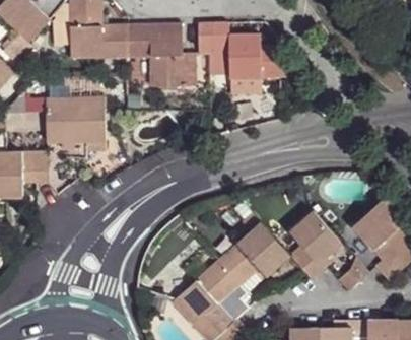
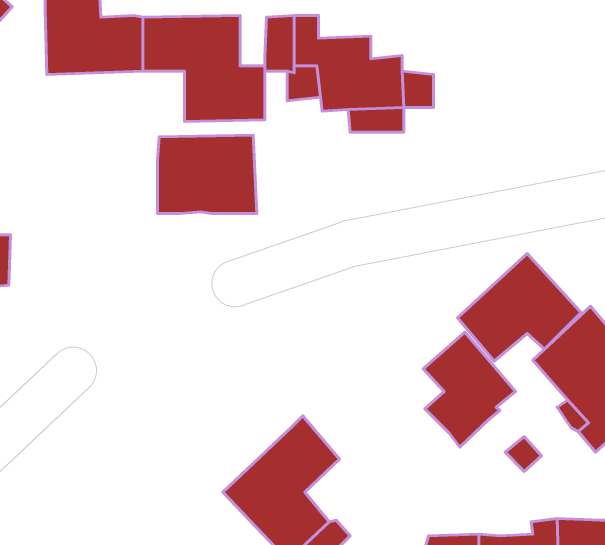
building: [48,97,106,143] -> [157,135,257,214]
building: [218,220,290,283] -> [457,253,581,361]

